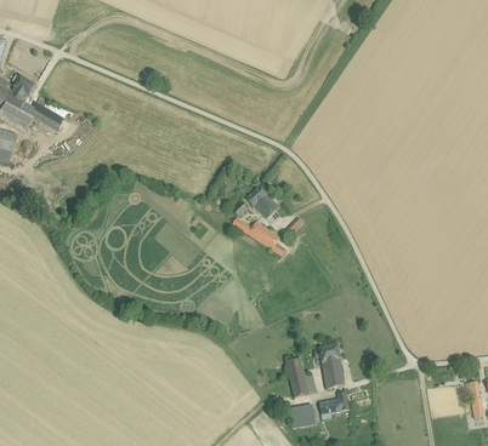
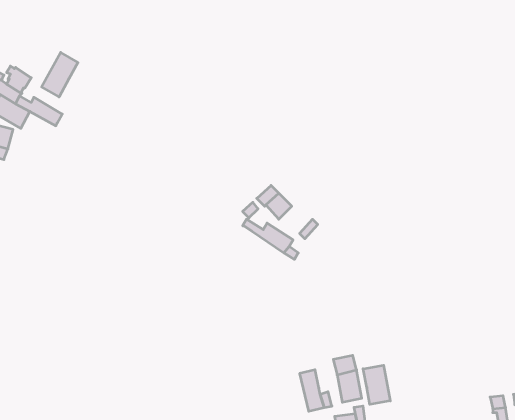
building: none -> [42,52,78,97]
building: none -> [363,365,390,404]

